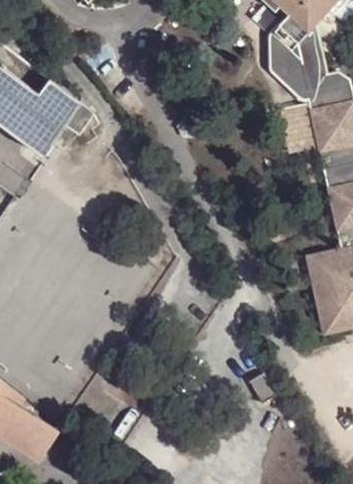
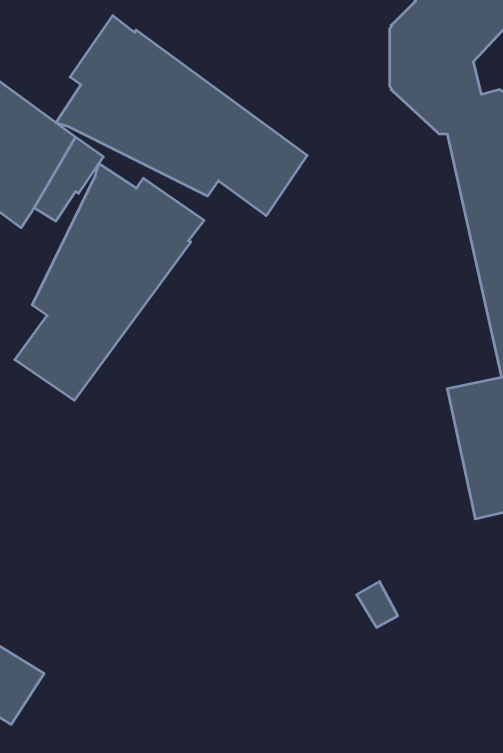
building: none -> [56,16,307,216]
building: none -> [15,164,204,400]

